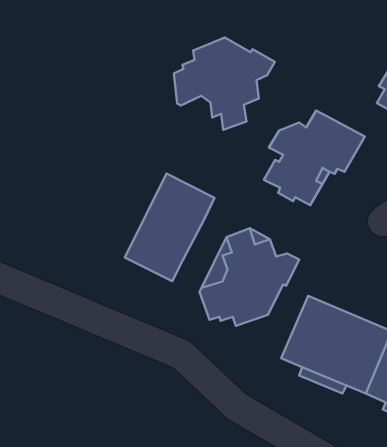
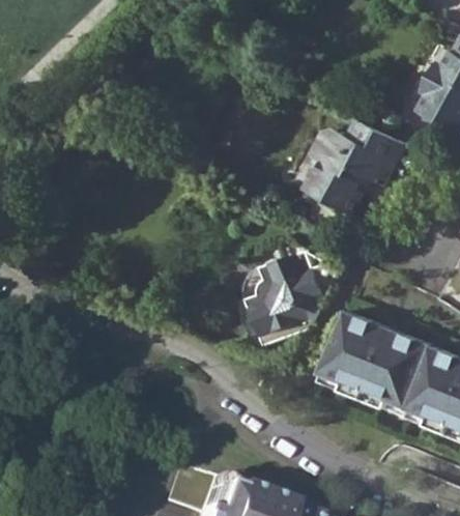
building: [174,38,275,130] -> none
building: [125,173,215,281] -> none

